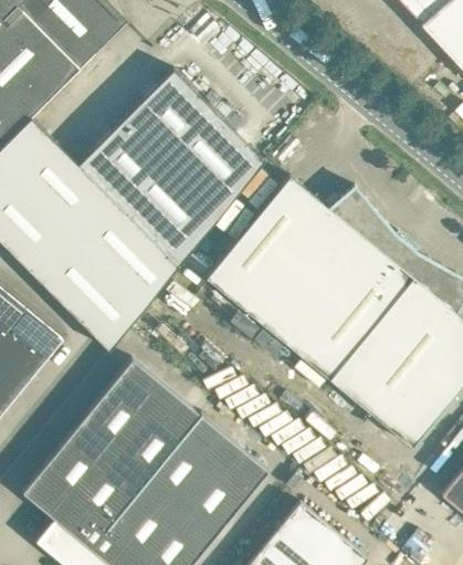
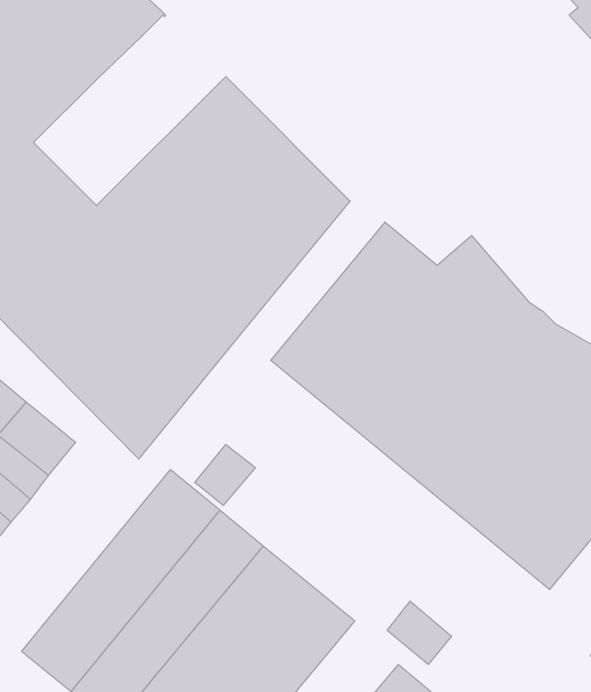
building: none -> [195,444,255,506]
building: none -> [387,601,452,664]

